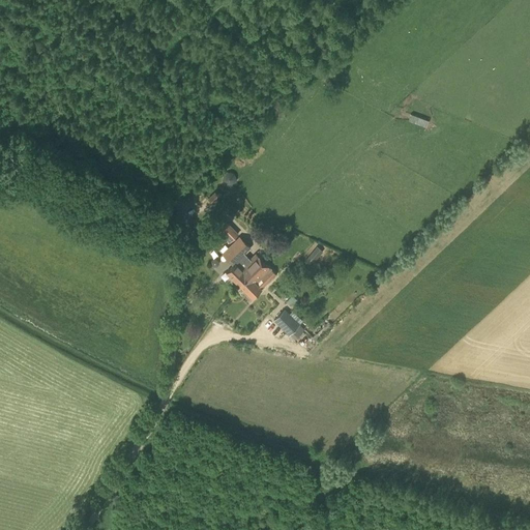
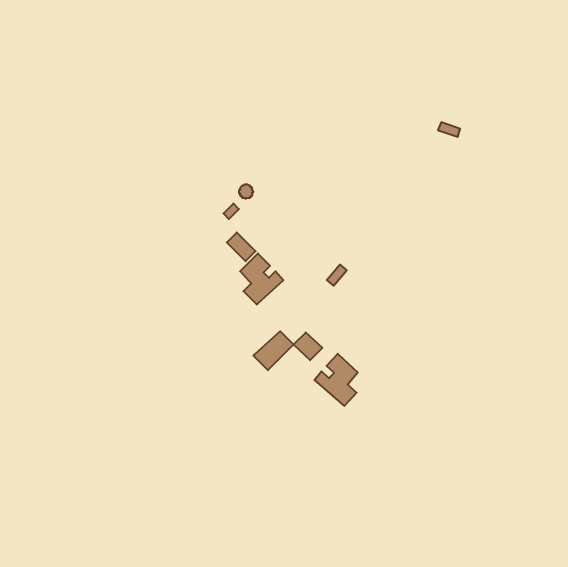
building: [239,262,276,298] -> [253,331,293,370]
building: none -> [314,354,358,406]

